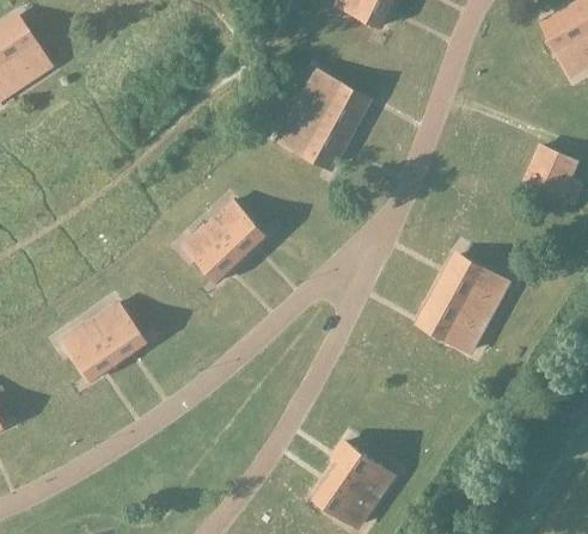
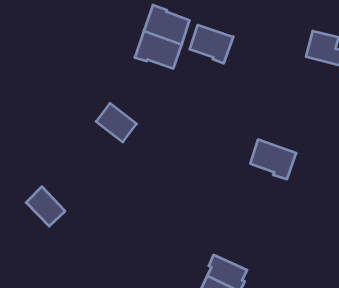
building: none -> [190,25,233,63]
building: [185,222,243,281] -> none
building: [436,256,508,315] -> none
building: [62,321,117,380] -> none

